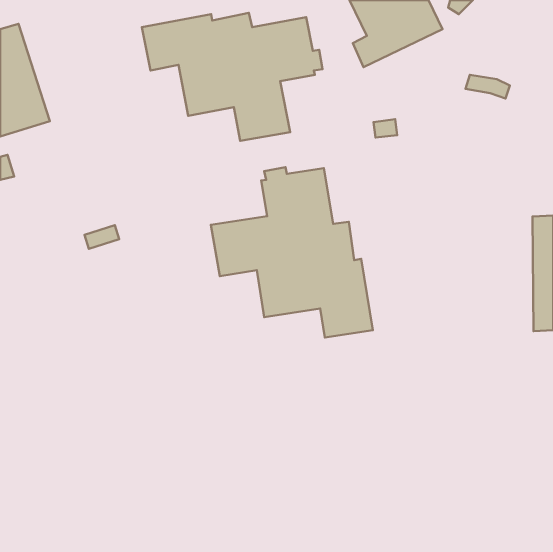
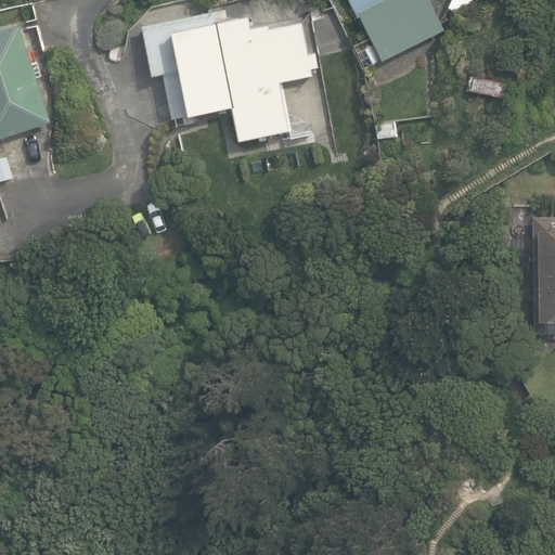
building: [211,167,373,337] -> none

